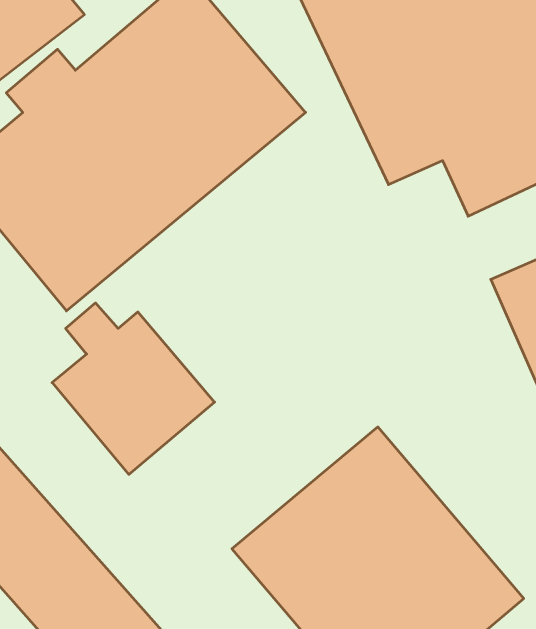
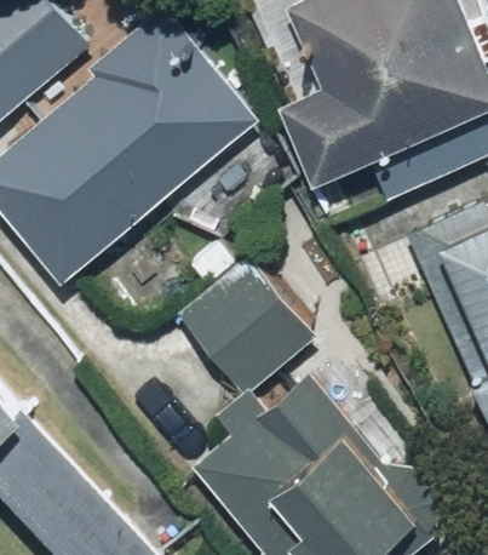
building: [52,303,215,474] -> [180,252,311,390]

